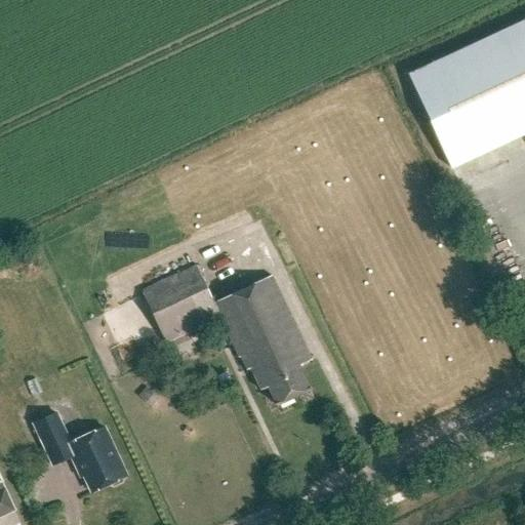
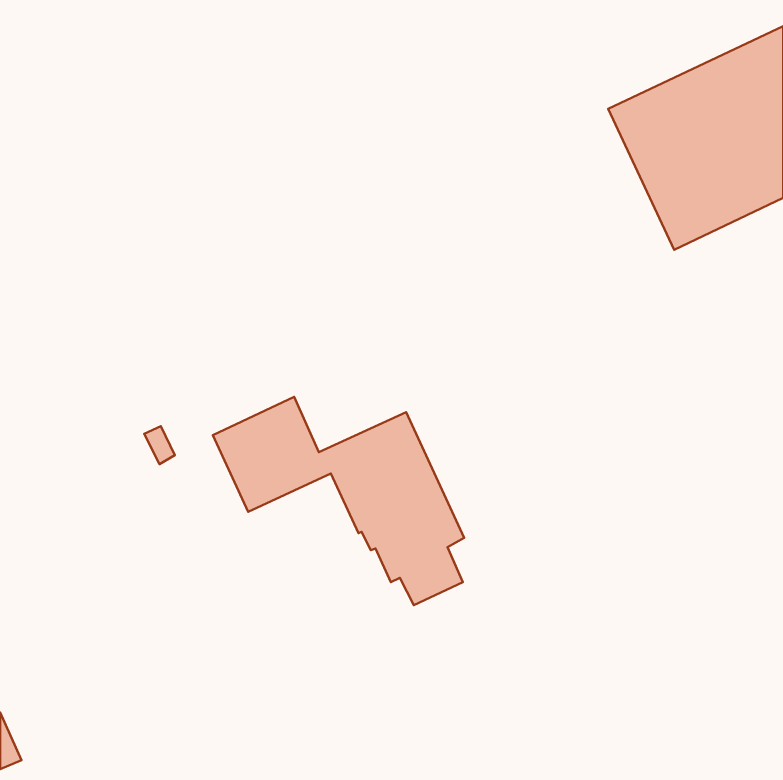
building: [34,412,127,491] -> none

